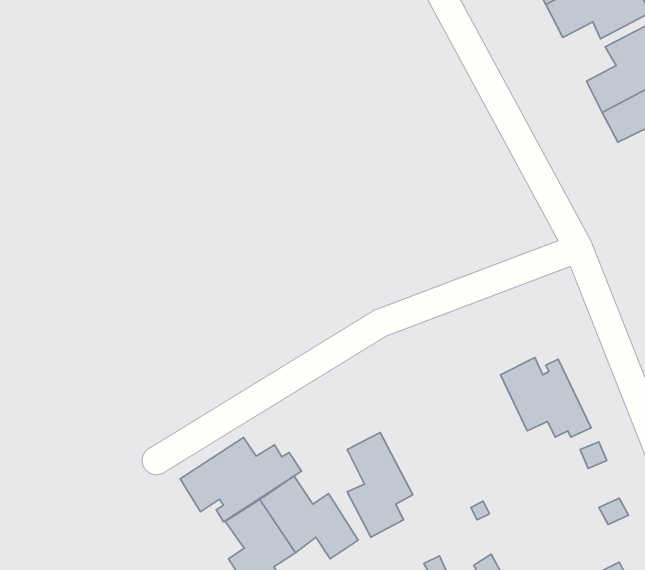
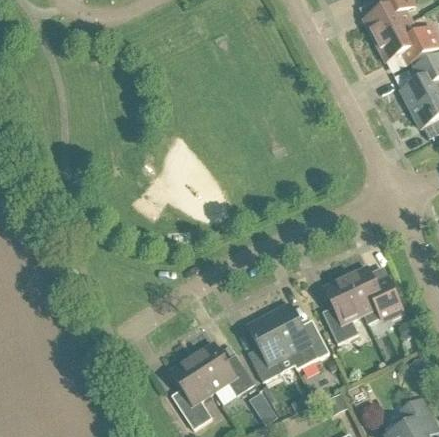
building: none -> [321,277,362,343]
building: none -> [268,303,328,368]
building: [180,437,302,522] -> none

